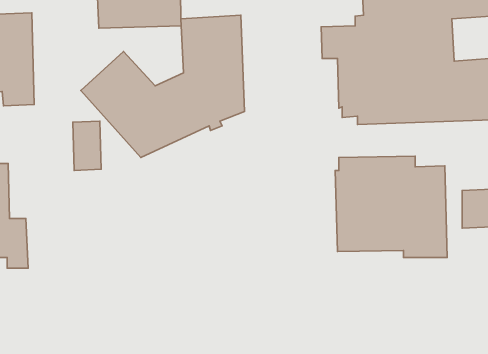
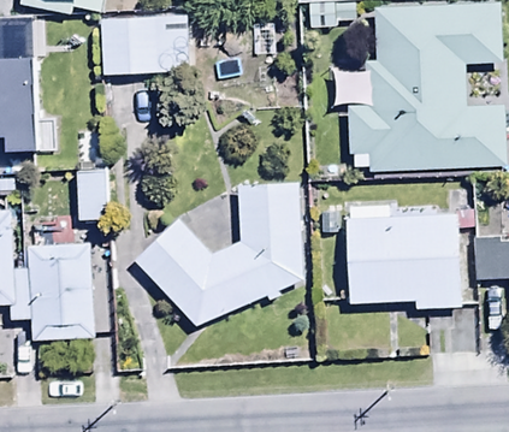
building: [81,15,245,157] -> [136,181,303,326]
building: none -> [30,243,94,339]

